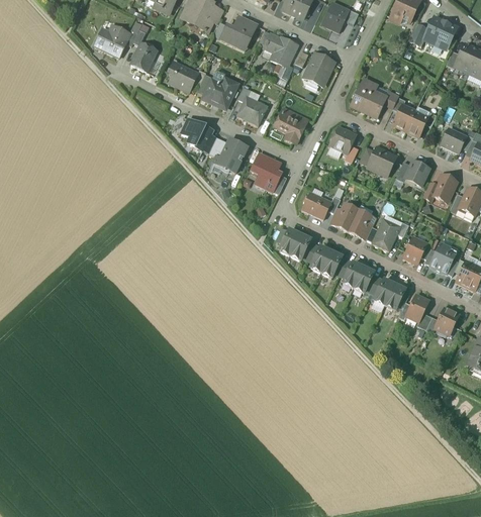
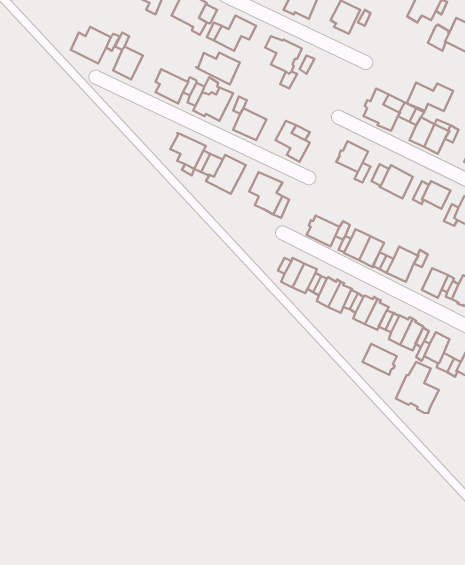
building: none -> [196,52,240,84]
building: [304,53,332,84] -> none
building: none -> [407,83,453,111]
building: none -> [363,344,397,375]
building: none -> [396,362,439,413]

